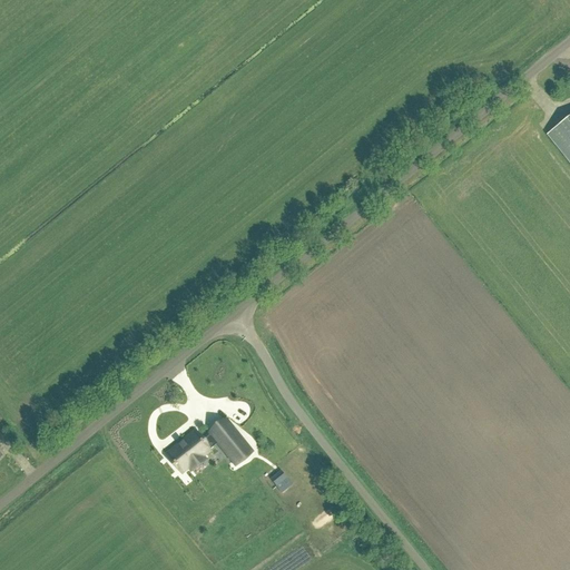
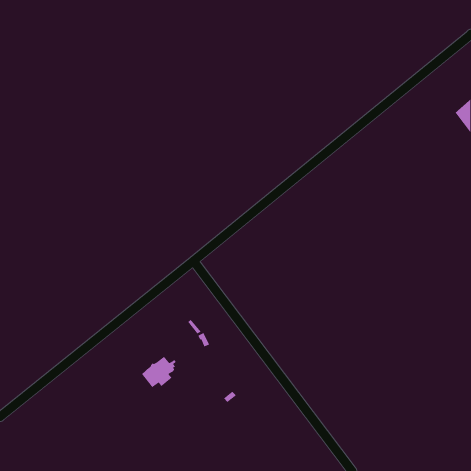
building: [210,420,253,464] -> none

